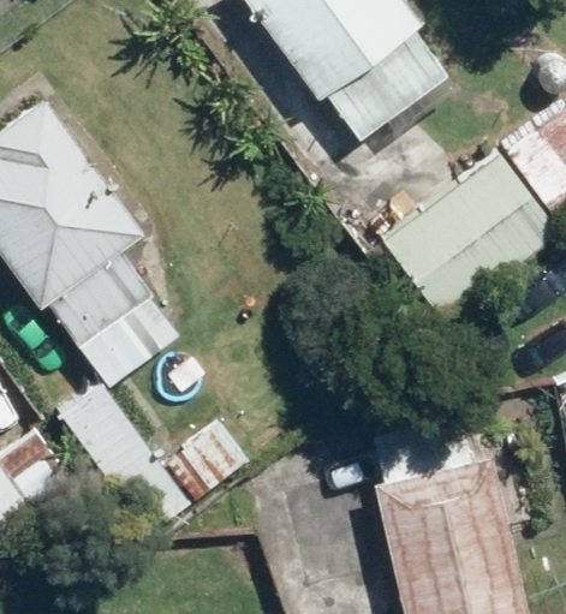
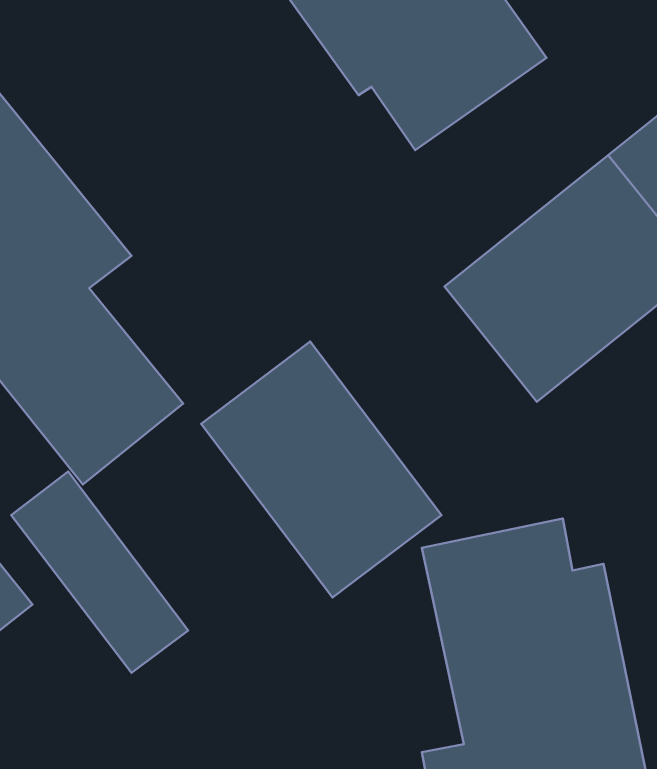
building: none -> [201,341,441,598]

